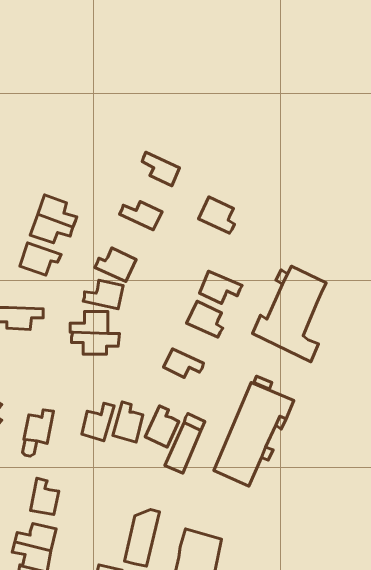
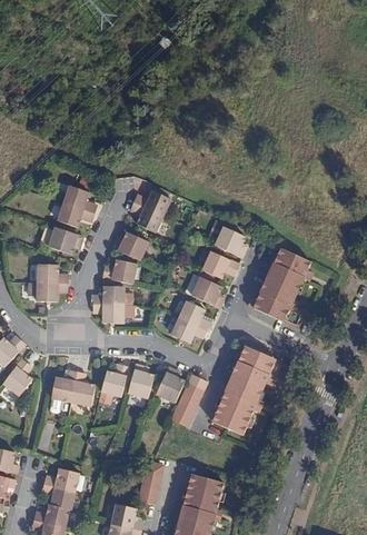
building: [142,152,180,186] -> [130,202,162,231]
building: [198,197,235,233] -> [215,227,246,258]
building: none -> [38,264,70,284]
building: none -> [179,300,211,331]
building: [30,478,59,514] -> [71,371,96,403]

